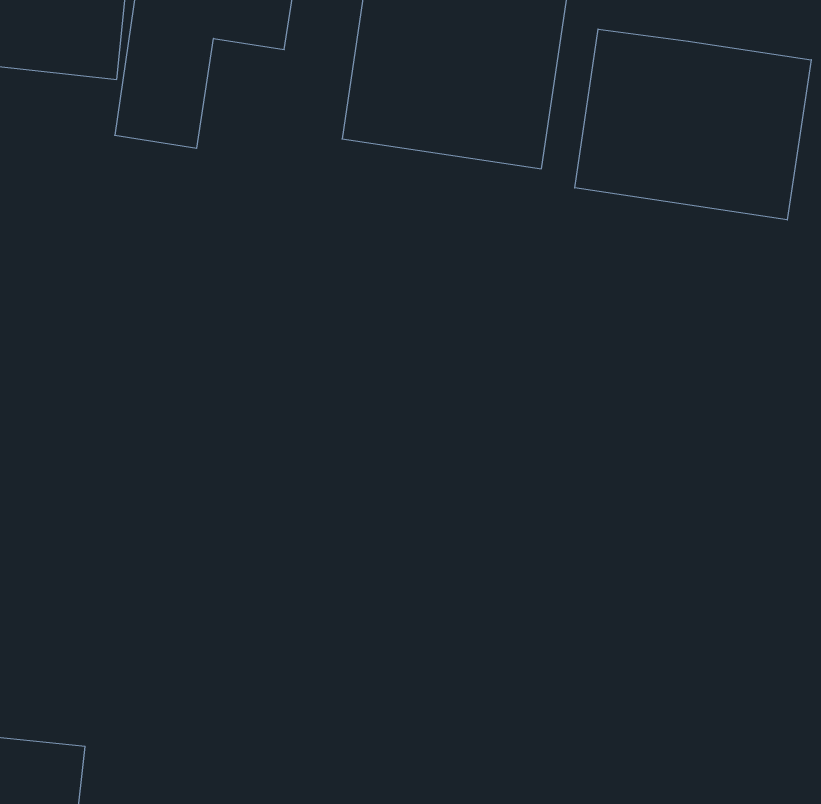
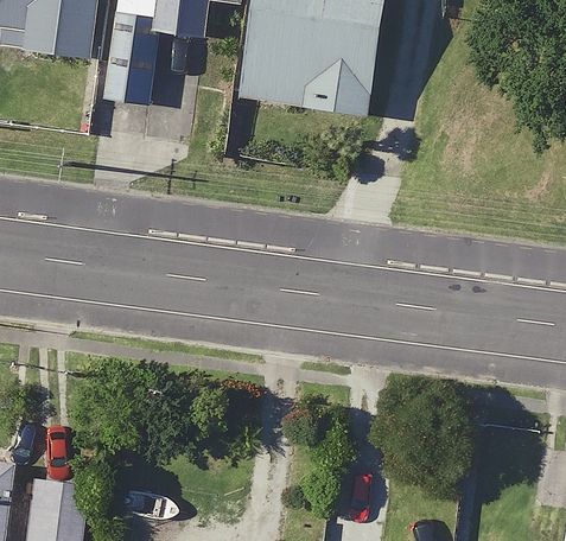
building: [575,29,811,220] -> none

